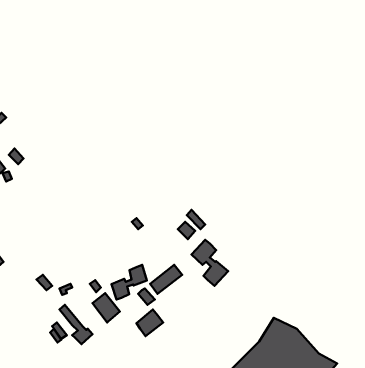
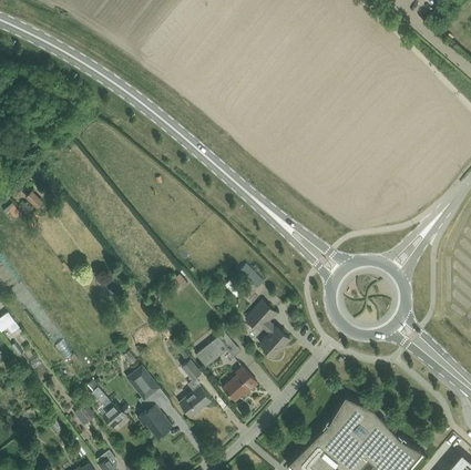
building: [112,265,147,299] -> none
building: none -> [224,370,257,401]
building: none -> [136,405,173,440]

